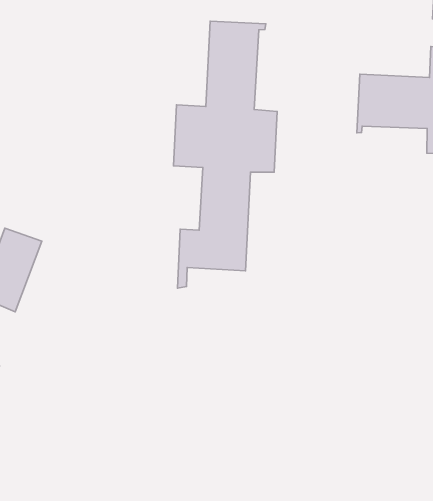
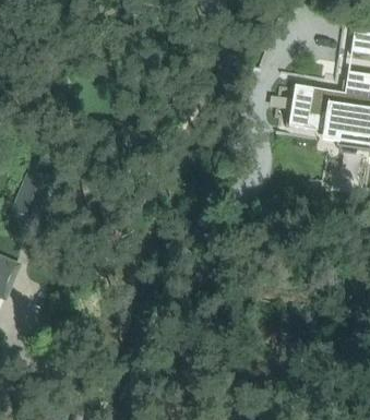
building: [174,21,277,288] -> none

